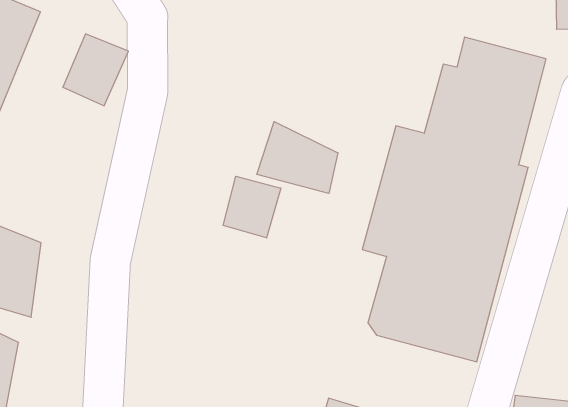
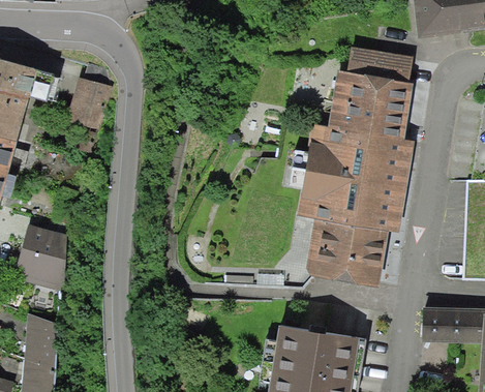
building: [257,122,338,193] -> none
building: [223,176,281,238] -> none

